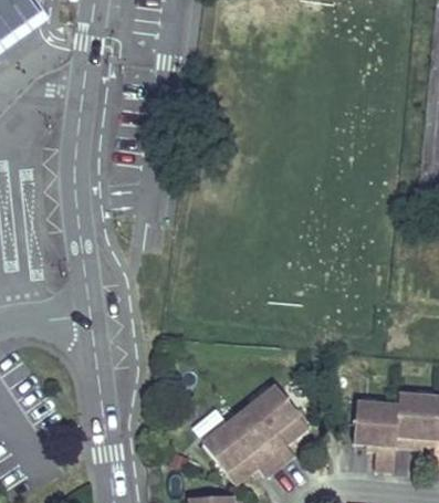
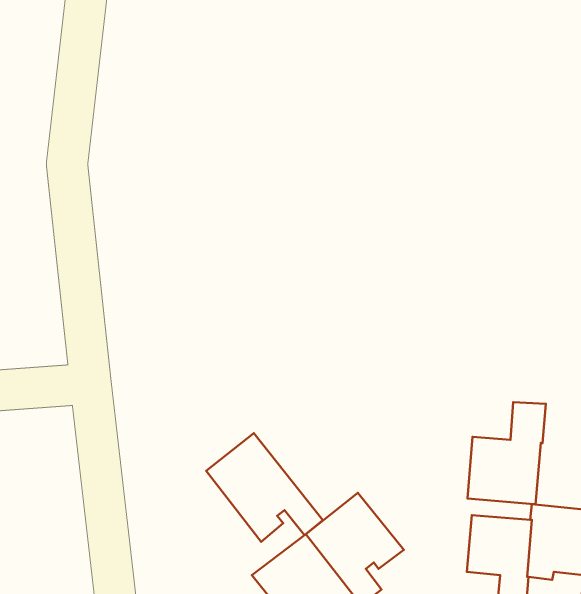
building: none -> [467,402,546,504]
building: none -> [206,433,323,542]

